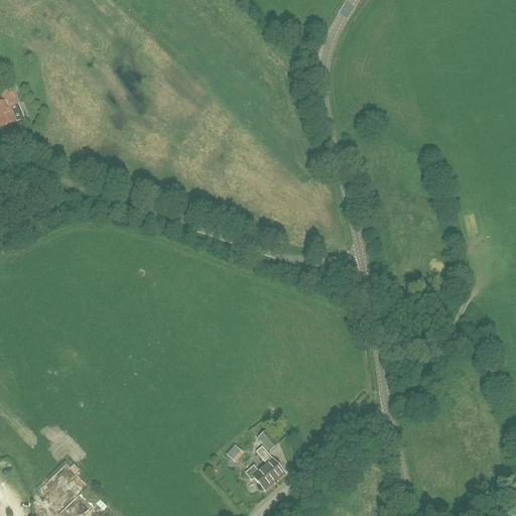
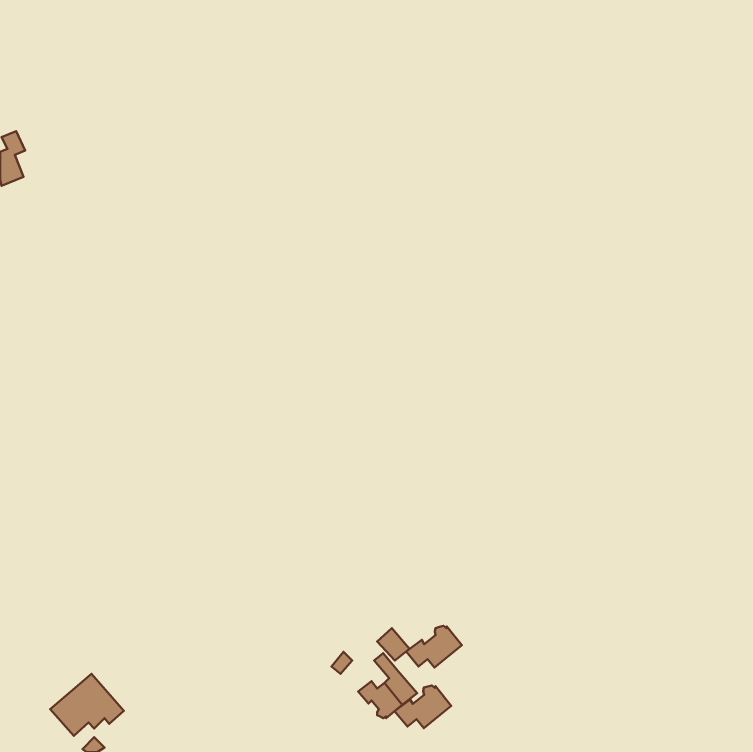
building: none -> [406,626,462,667]
building: none -> [395,685,451,728]

